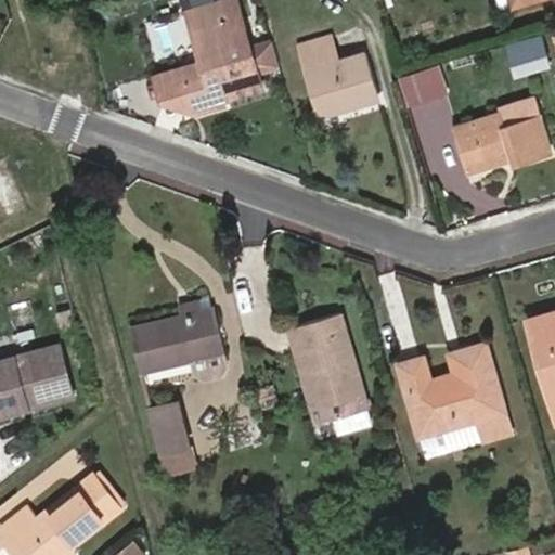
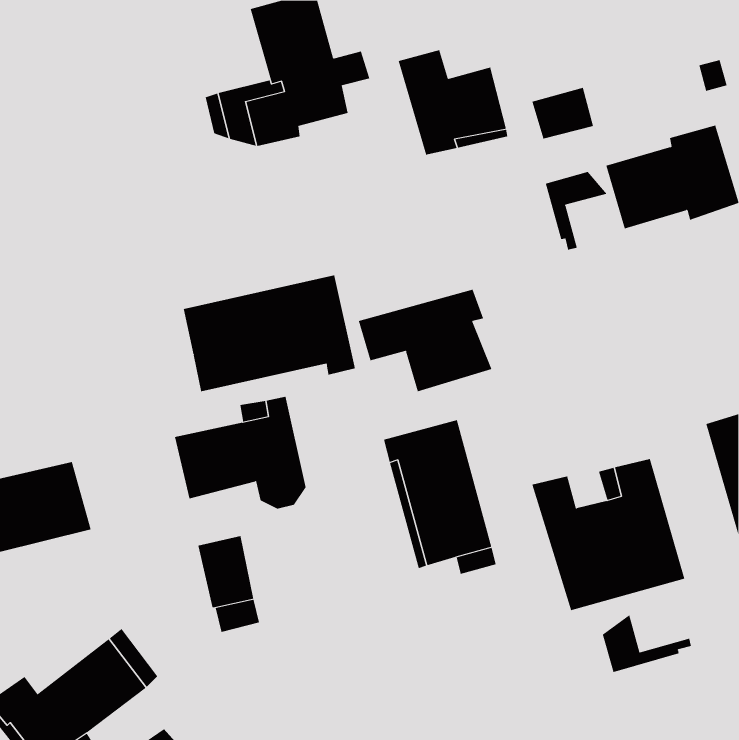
building: none -> [545,171,607,250]
building: none -> [183,275,355,392]
building: none -> [358,289,492,392]
building: none -> [602,614,691,673]

